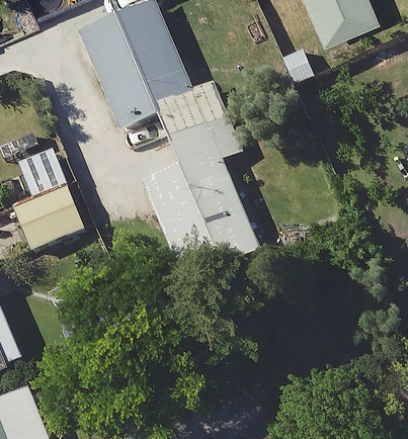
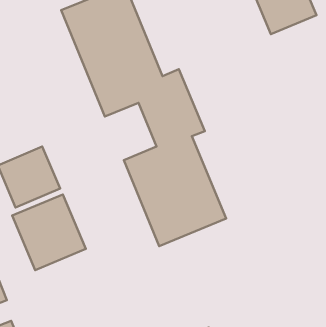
building: none -> [12,195,86,270]

